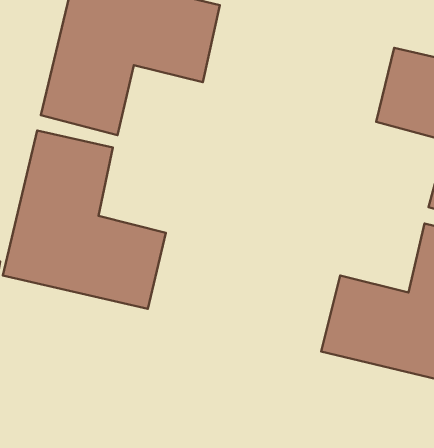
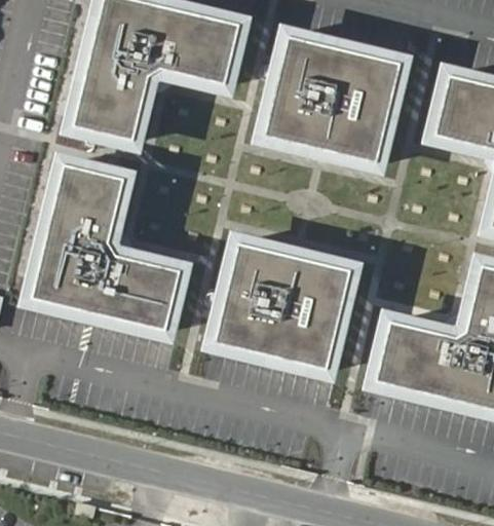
building: none -> [251,21,414,177]
building: none -> [203,229,365,383]

